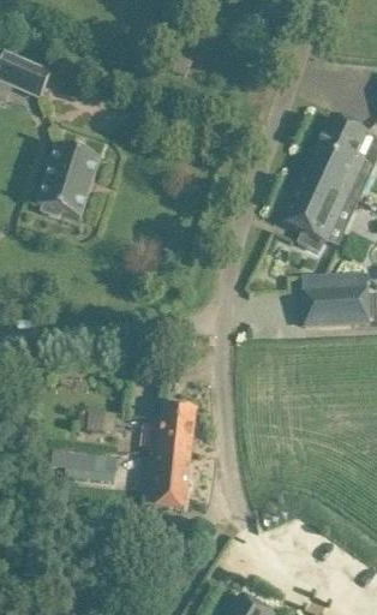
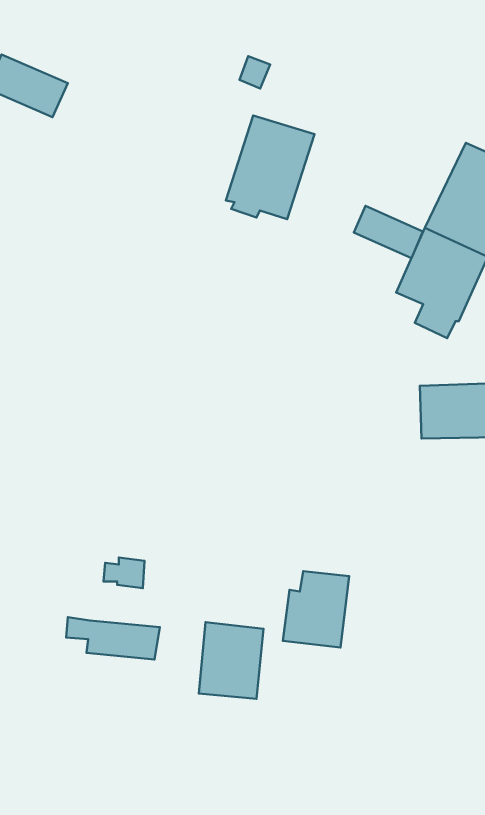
building: [37,145,100,219] -> [226,115,314,219]
building: none -> [354,206,423,258]
building: [149,405,196,459] -> [283,571,349,648]

